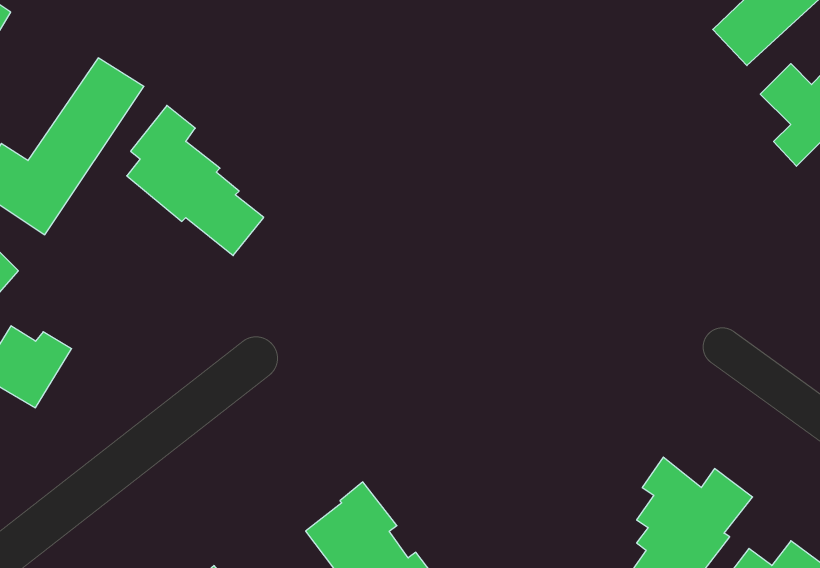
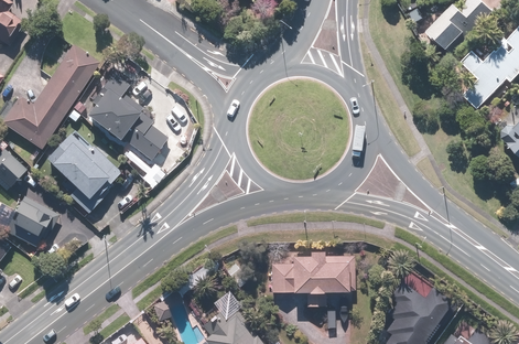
building: none -> [47,135,126,215]
building: none -> [271,250,355,294]

